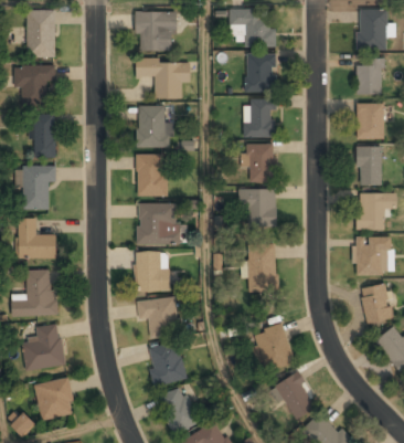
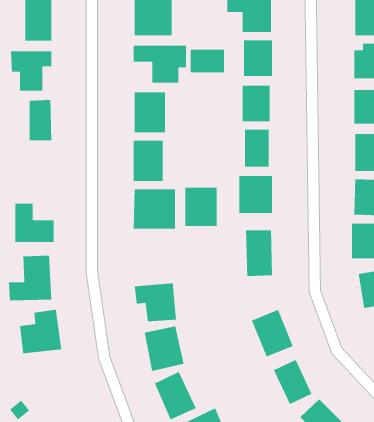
building: none -> [190,49,225,73]
building: [15,165,55,208] -> none
building: [135,252,168,292] -> [184,187,218,227]
building: [34,378,75,420] -> none

